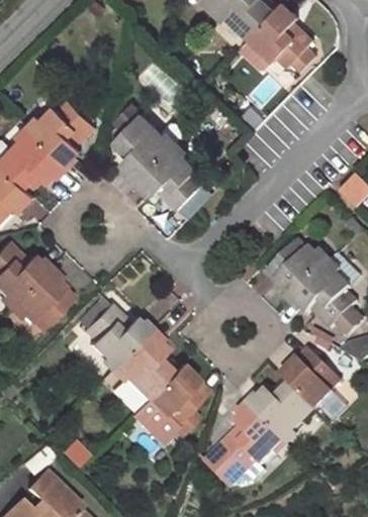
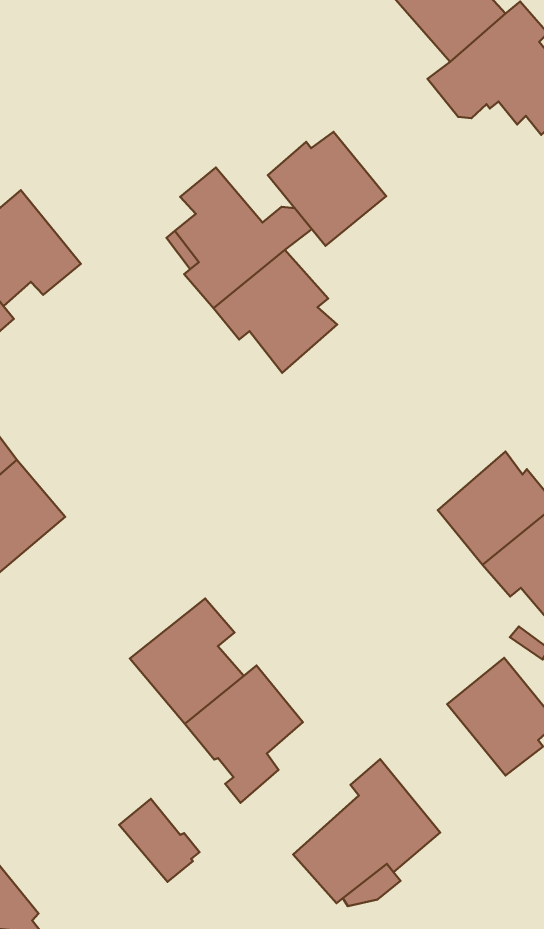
building: none -> [268,132,386,246]
building: [31,98,94,163] -> none
building: [83,303,150,367] -> none
building: [250,381,316,441] -> none
building: [130,398,174,440] -> [119,799,199,882]

